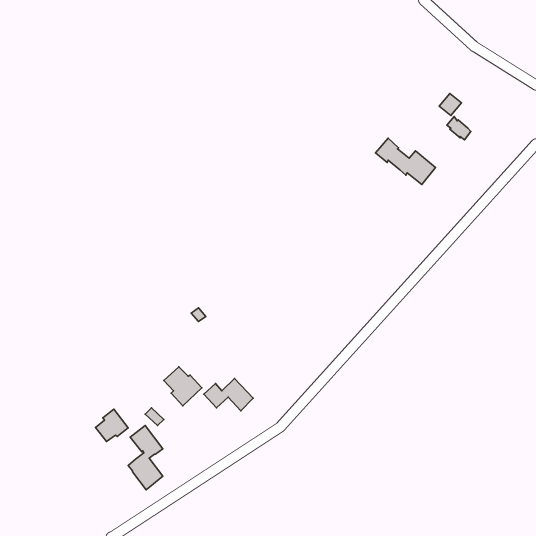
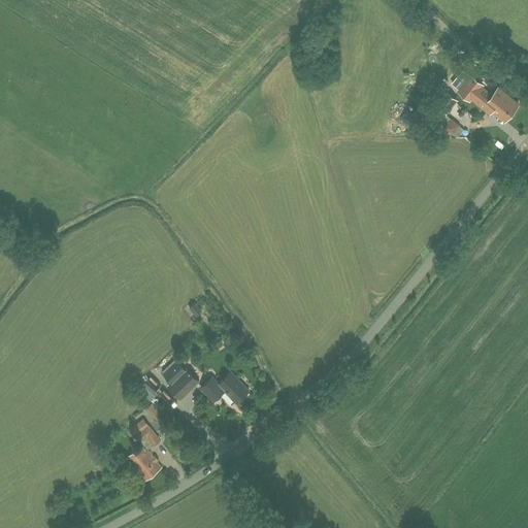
building: [376,138,435,184] -> [459,76,518,122]
building: [95,409,128,442] -> none

